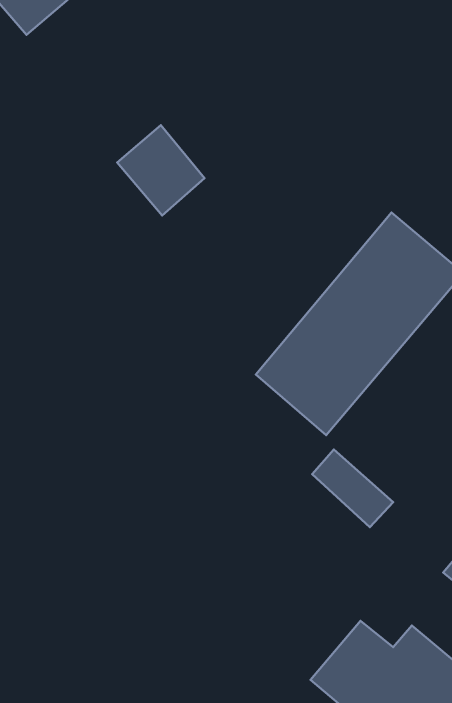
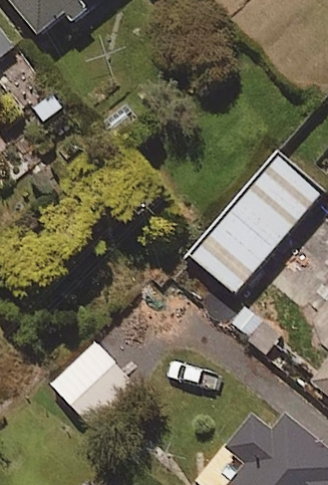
building: none -> [48,341,134,428]

